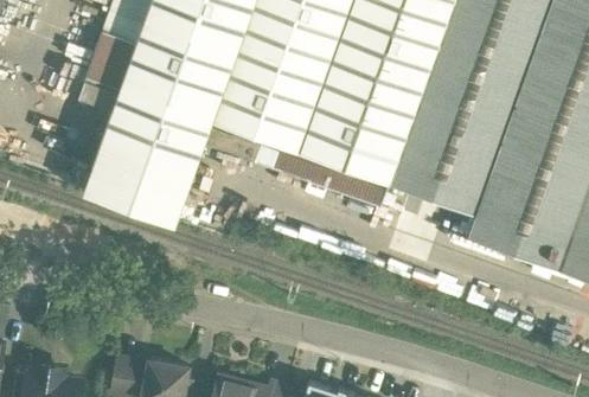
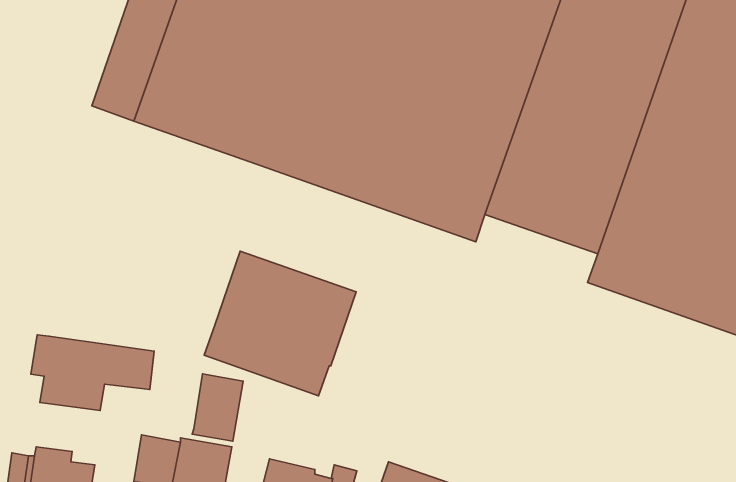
building: [84,110,204,224] -> [204,251,356,396]
building: none -> [31,335,154,410]
building: none -> [192,374,243,441]

